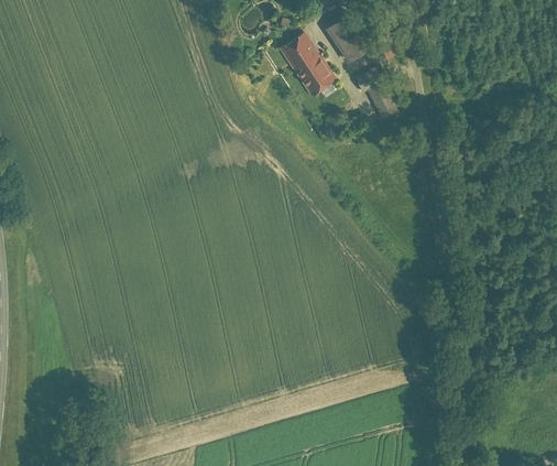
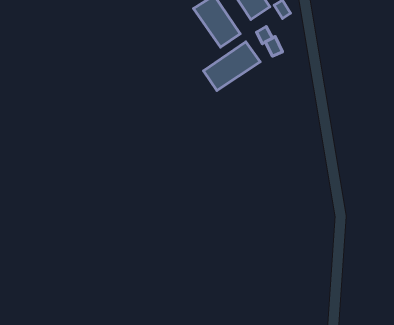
building: none -> [204,42,260,91]

